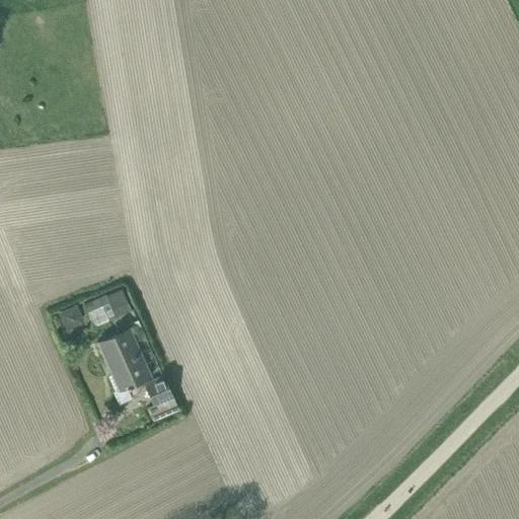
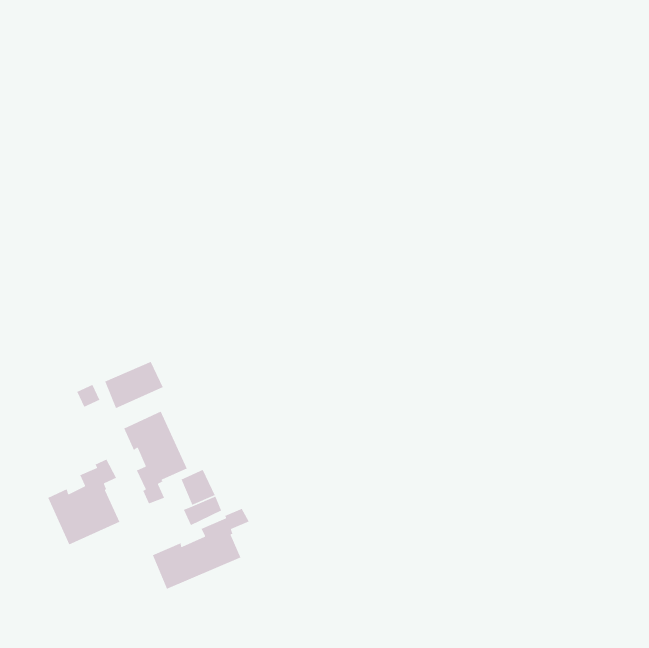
building: none -> [47,458,120,546]
building: none -> [152,508,250,590]

